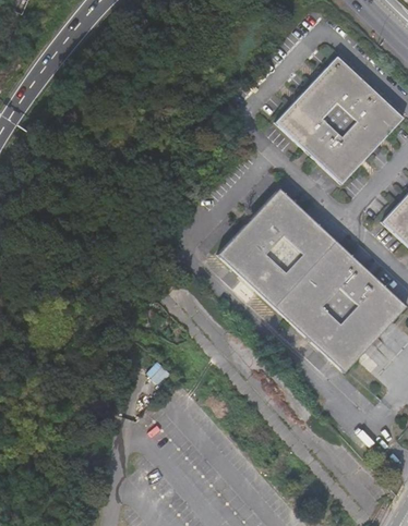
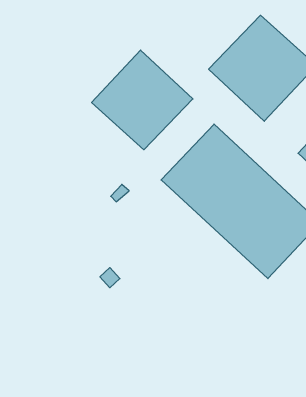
building: none -> [92,50,193,150]

